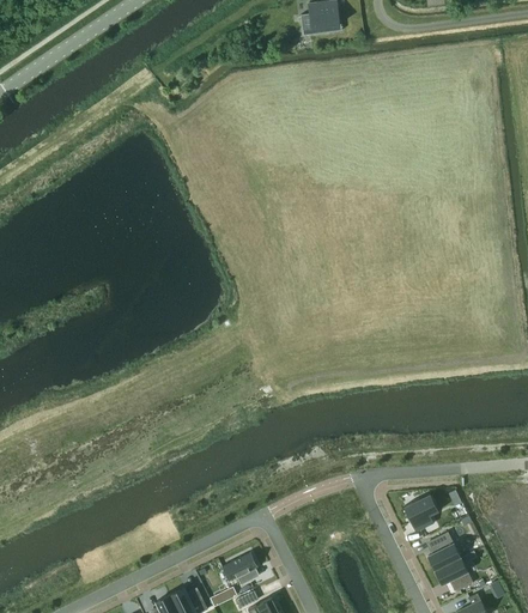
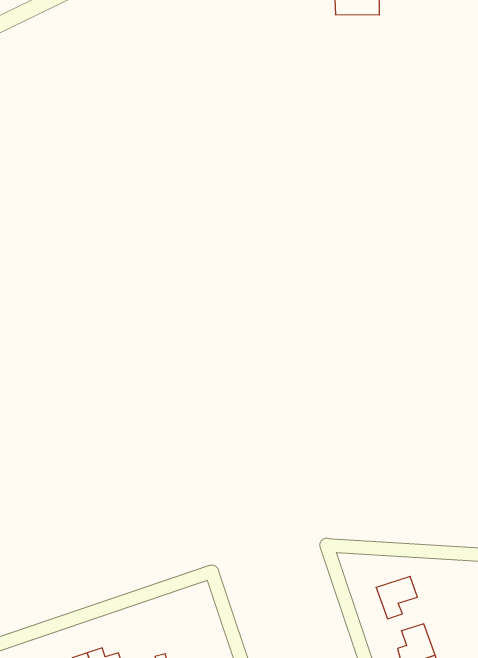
building: [223,554,257,587] -> none

